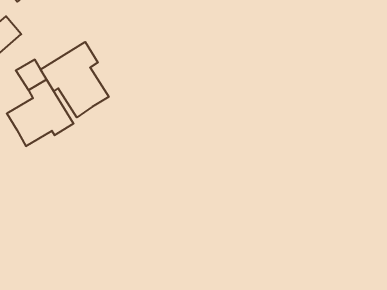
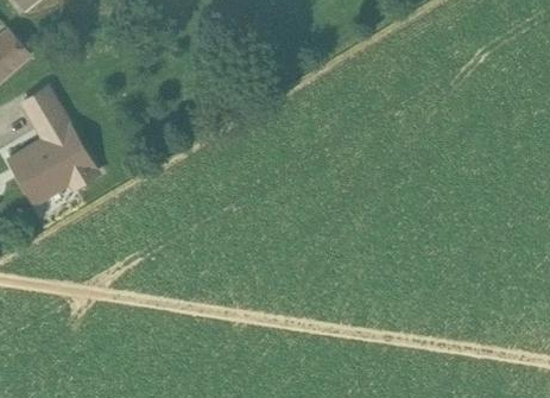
building: [41,42,109,117] -> none

